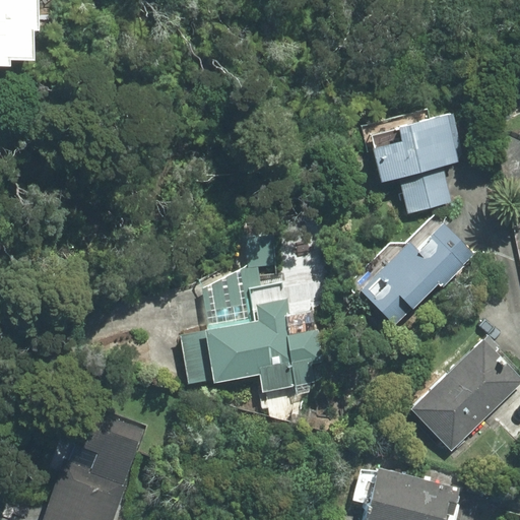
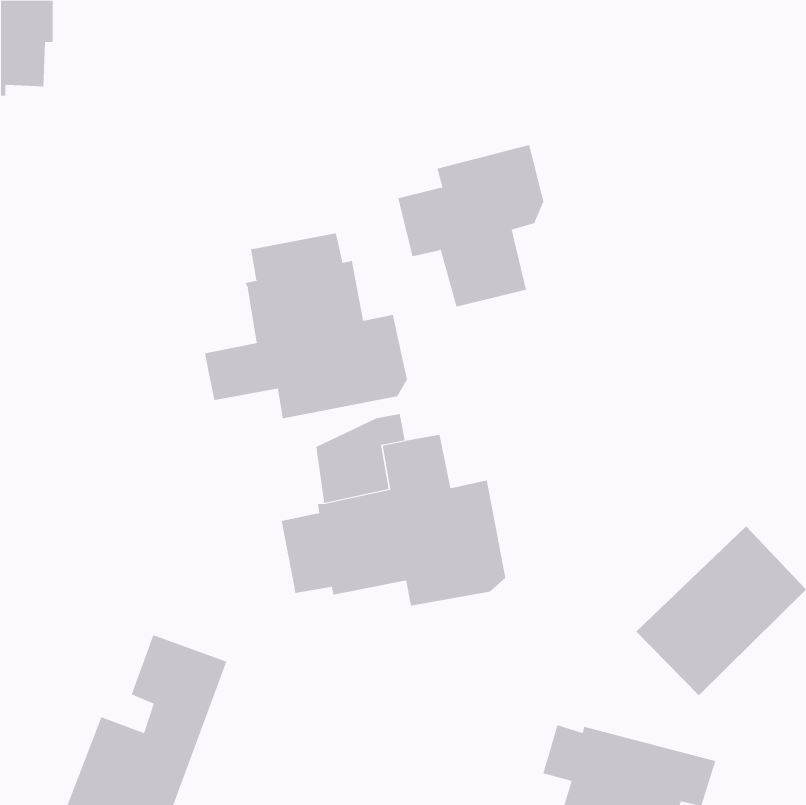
building: [368,111,462,215] -> [397,145,544,307]
building: none -> [204,232,407,419]
building: [360,223,471,327] -> none

